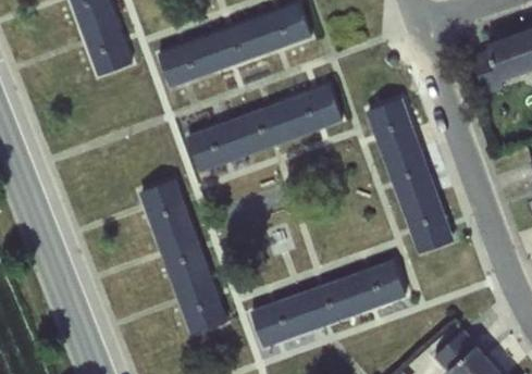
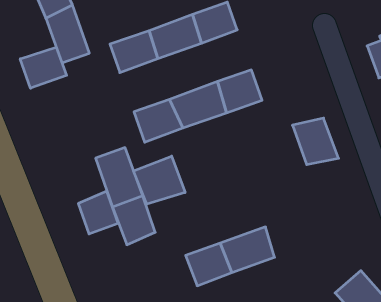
building: none -> [20,47,67,88]
building: [366,99,418,153] -> none
building: none -> [134,156,185,204]
building: [397,194,454,254] -> none
building: [347,261,406,314] -> none
building: [177,284,226,336] -> [78,191,118,234]

